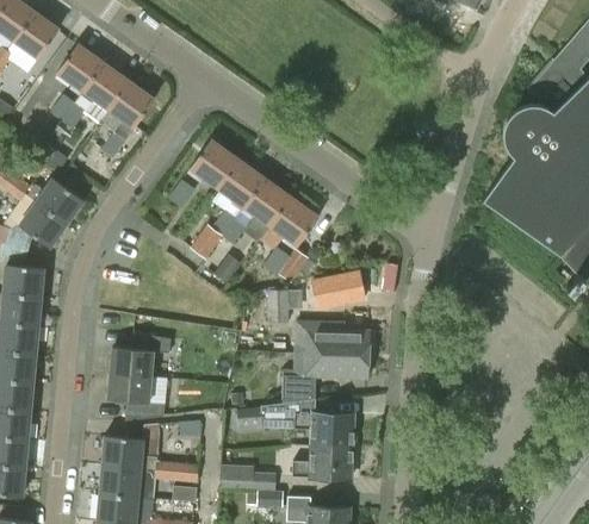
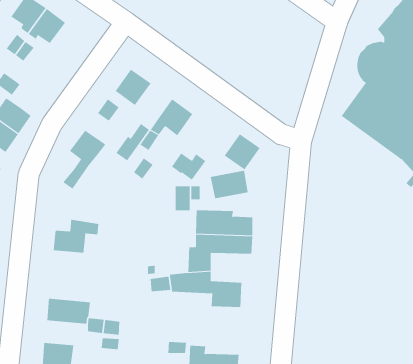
building: [99,80,155,157] -> [63,130,106,190]
building: [217,158,265,206] -> none
building: [272,198,320,245] -> [224,133,261,170]
building: [108,374,167,420] -> none
building: [293,447,354,480] -> none
building: [99,464,141,497] -> none
building: [222,466,275,489] -> none

